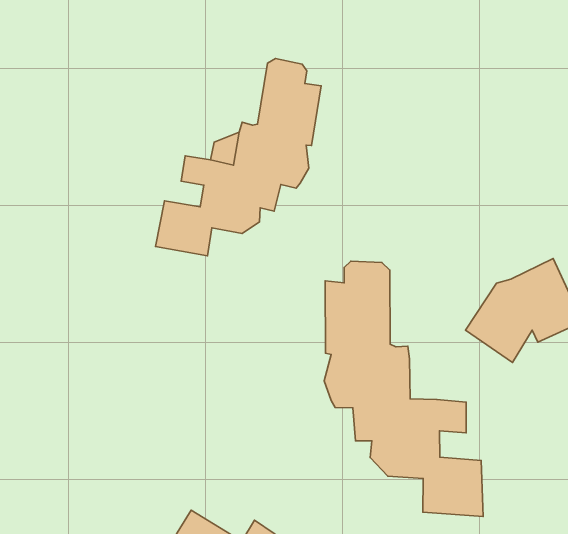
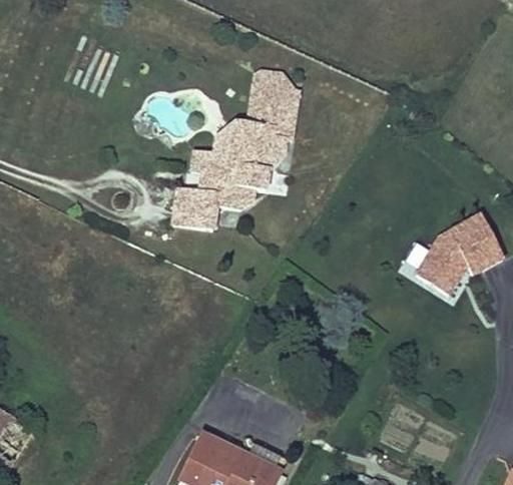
building: [324,261,483,516] -> none

